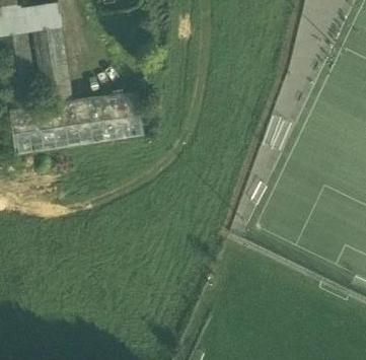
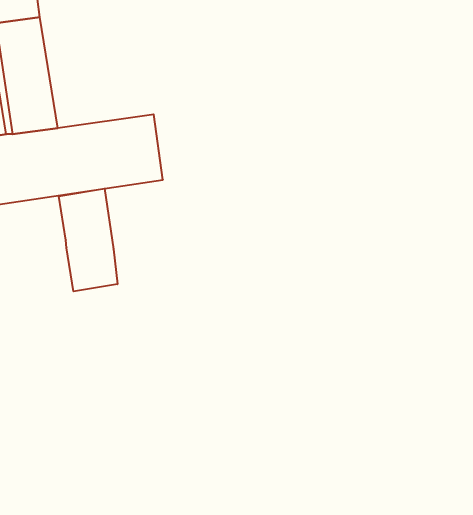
building: none -> [59,189,117,291]

